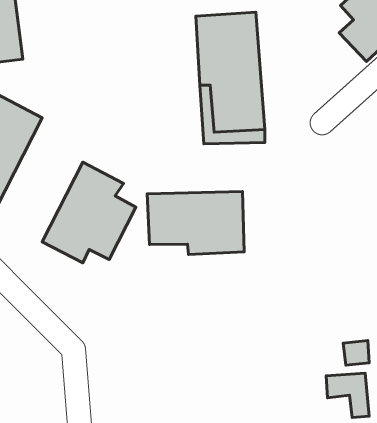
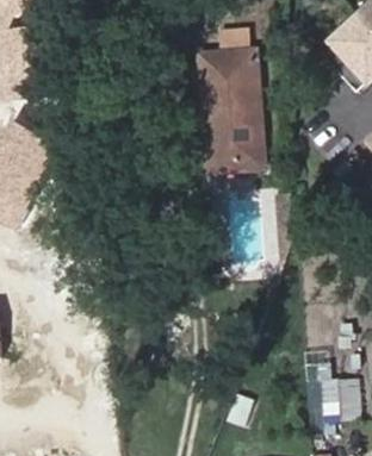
building: [42,162,136,263] -> none
building: [147,192,244,254] -> none

